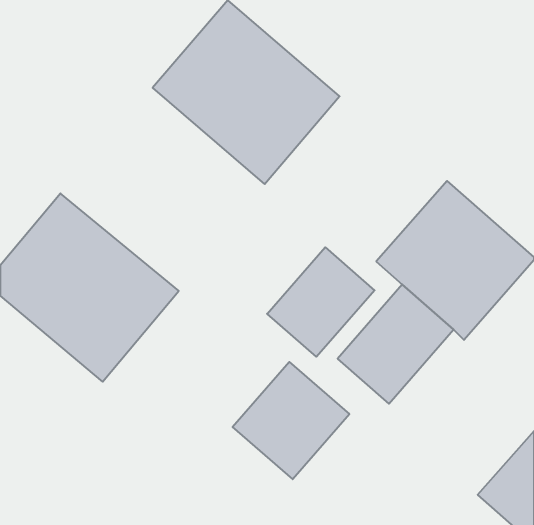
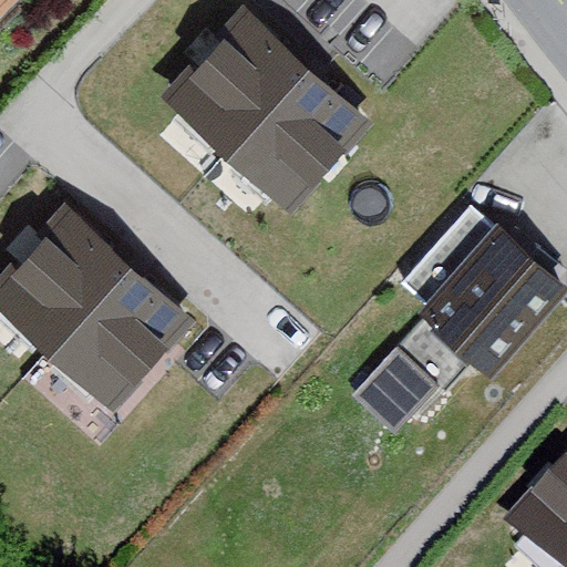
building: [267,247,375,357] -> none
building: [233,362,349,479] -> none

